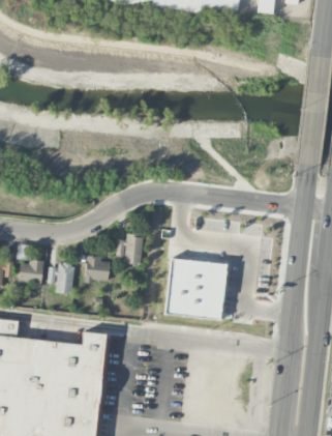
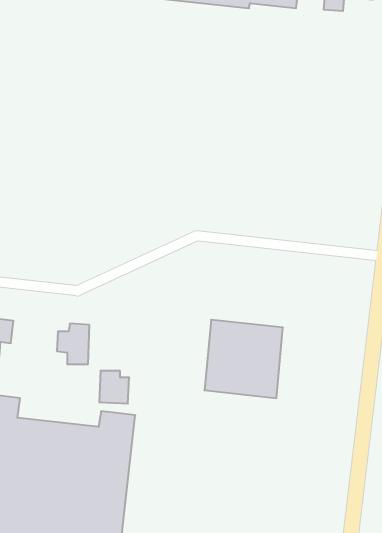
building: [115,234,143,264] -> none
building: [85,256,109,282] -> [99,371,129,404]
building: [18,260,43,285] -> none

